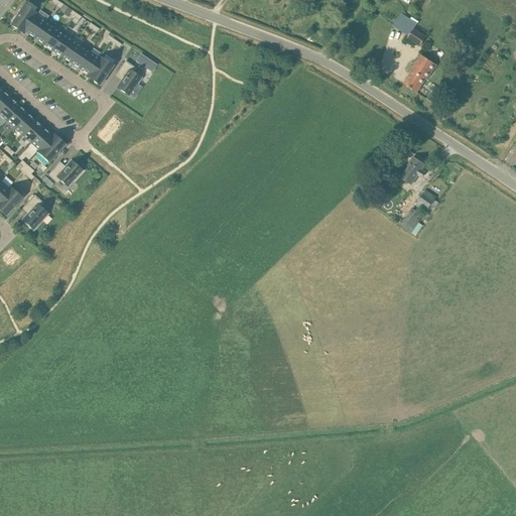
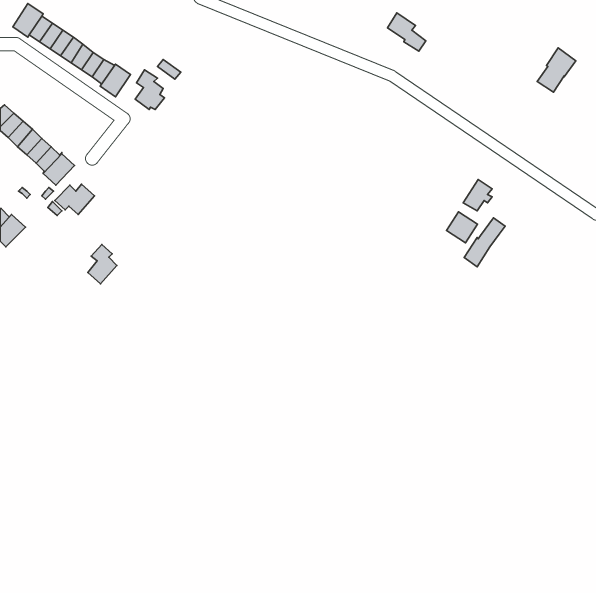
building: [393,11,426,44] -> [387,13,426,51]
building: [403,52,436,91] -> [537,48,576,92]
building: none -> [446,212,477,243]
building: [22,195,47,229] -> [88,244,117,284]

